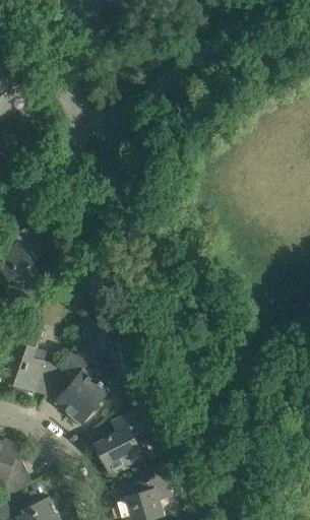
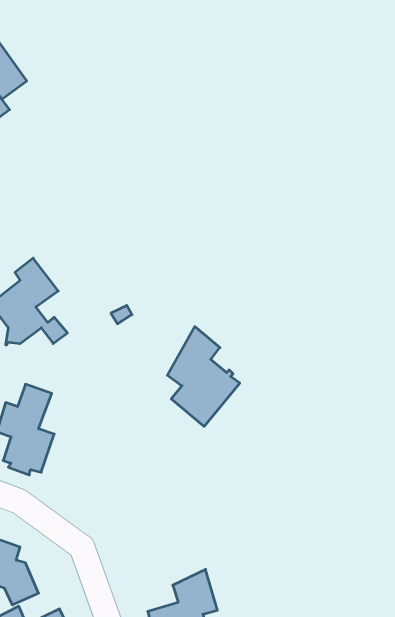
building: [53,347,109,425] -> [167,327,240,426]
building: [96,407,153,471] -> none

